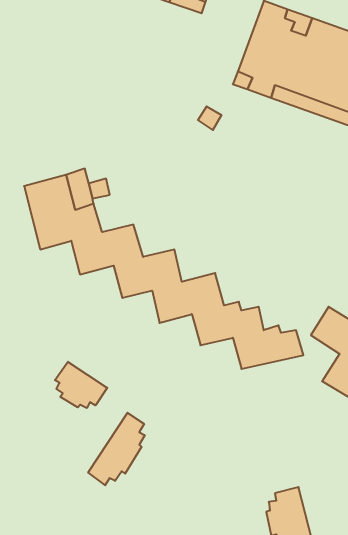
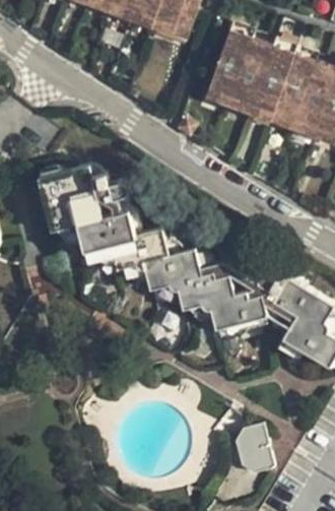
building: [55,362,107,408] -> none
building: [88,413,145,485] -> none

